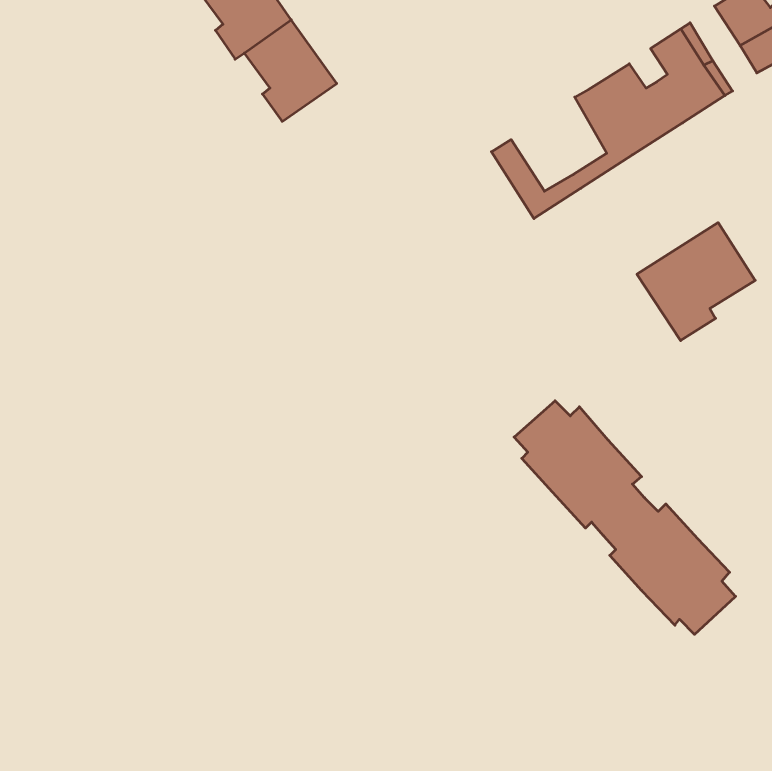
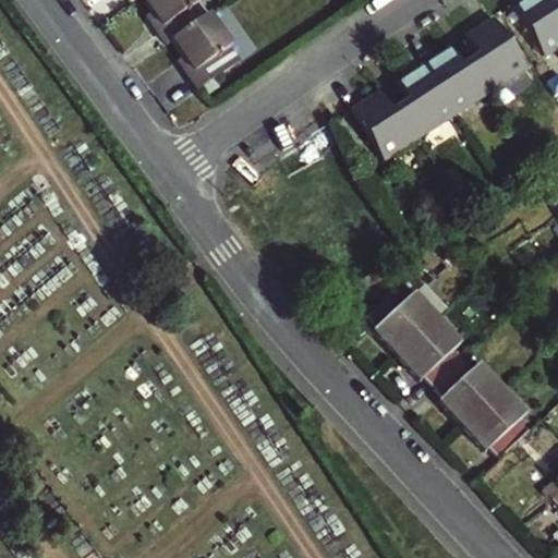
building: none -> [369,70,438,137]
building: [637,223,755,341] -> none

